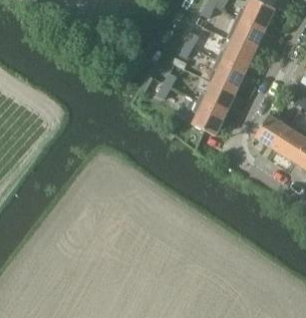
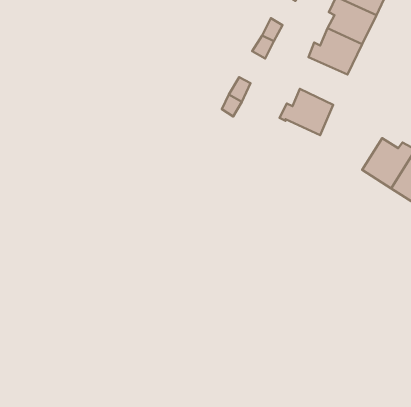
building: [213,58,246,91] -> none
building: [193,100,227,134] -> none

